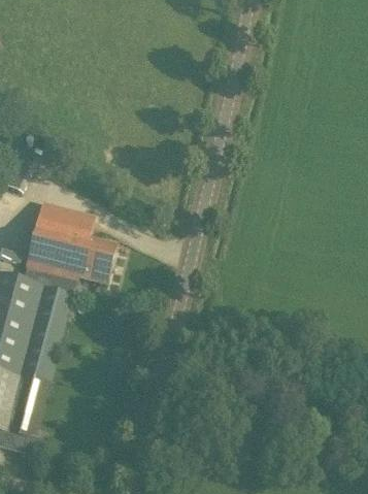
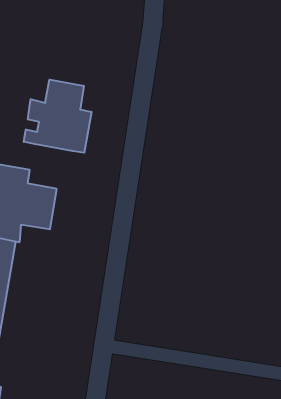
building: none -> [24,80,91,153]

